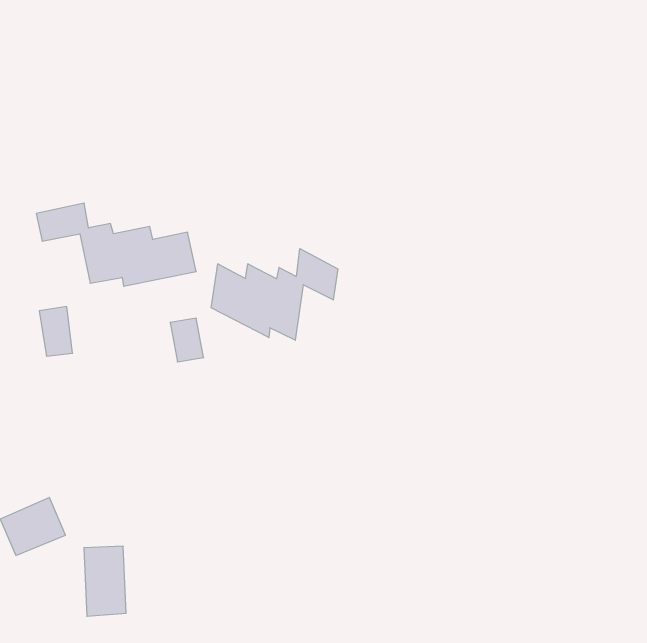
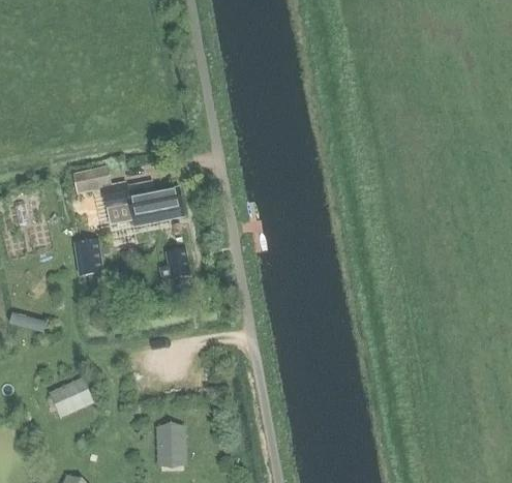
building: [211,249,338,340] -> none
building: [84,546,126,616] -> [154,416,184,465]

